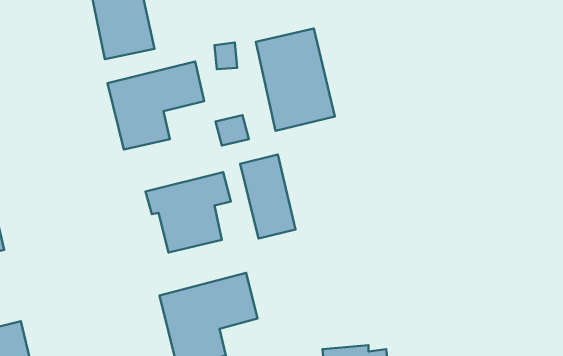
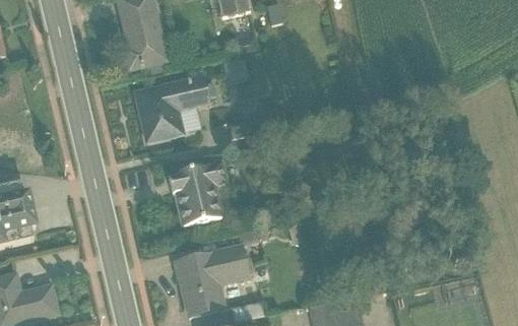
building: [256,28,335,131] -> none
building: [240,154,295,238] -> none

